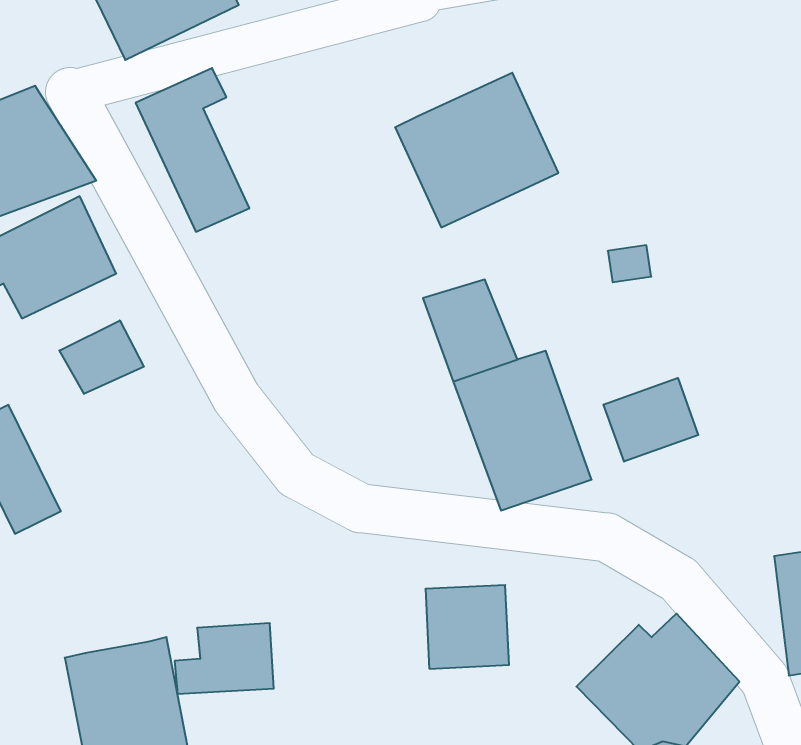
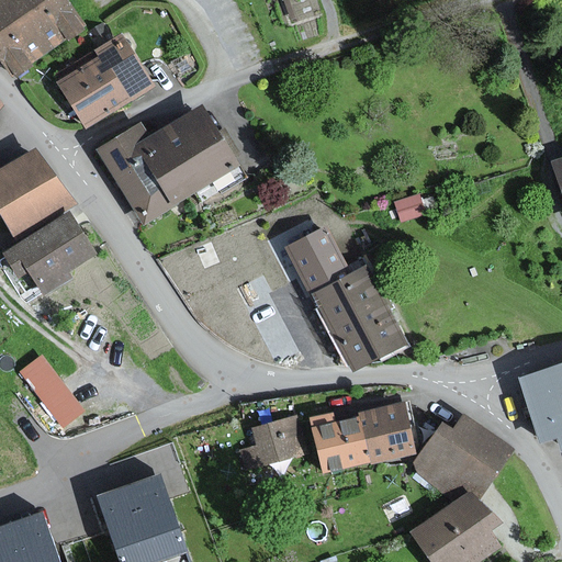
building: [395,73,558,227] -> [137,106,240,206]
building: [59,320,144,394] -> none
building: [604,378,698,462] -> none
building: none -> [360,406,415,463]
building: [175,623,274,694] -> [237,418,300,469]

